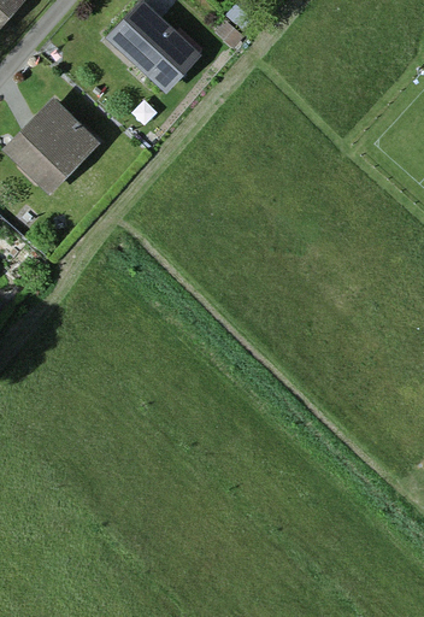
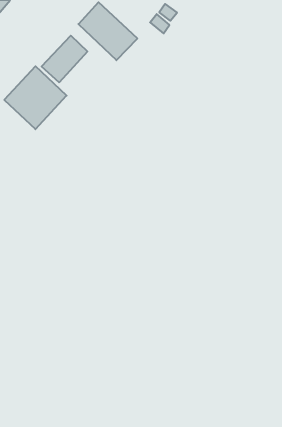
building: none -> [42,36,87,82]

